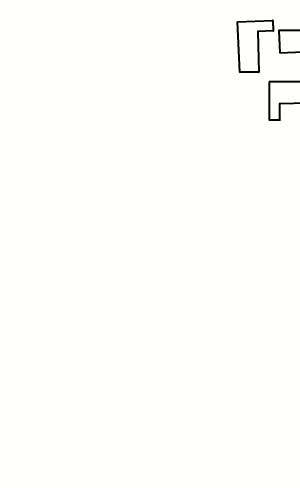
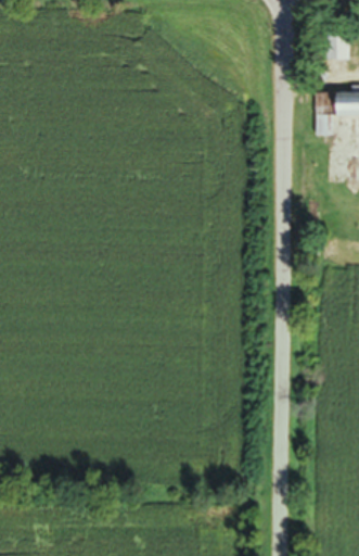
building: [238,20,273,72] -> none

